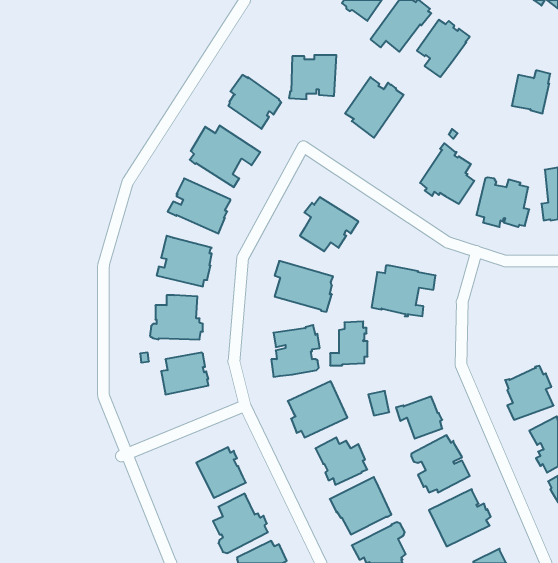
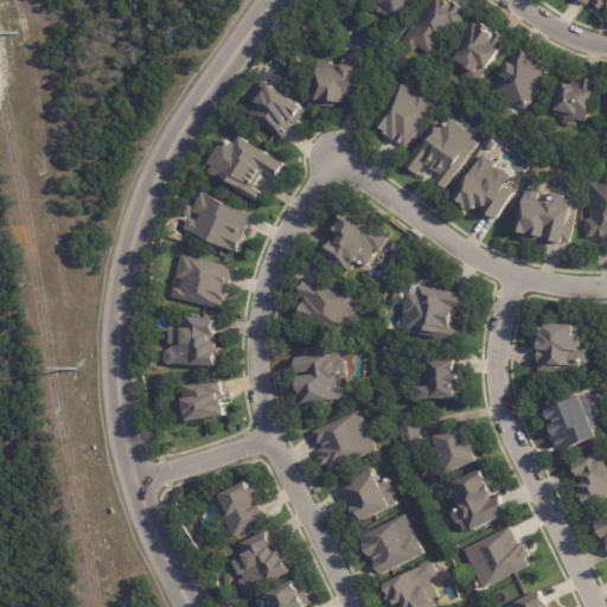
building: none -> [490,47,547,109]
building: none -> [401,117,474,187]
building: none -> [531,322,583,372]
building: [330,321,368,365] -> [418,352,459,400]

